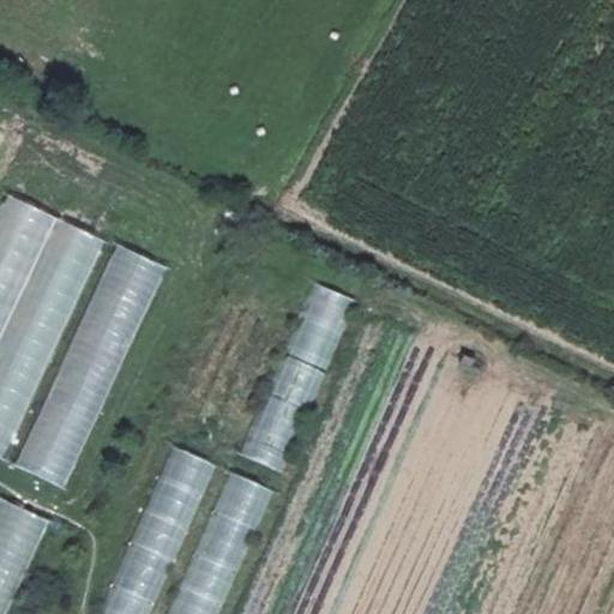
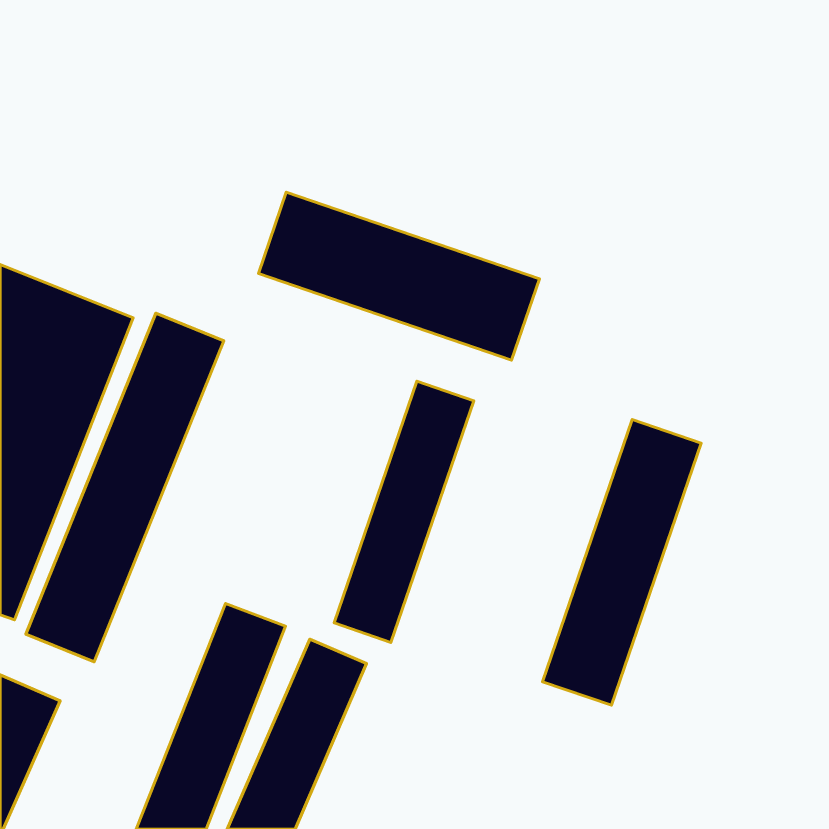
building: none -> [258,192,539,360]
building: none -> [542,420,701,705]

